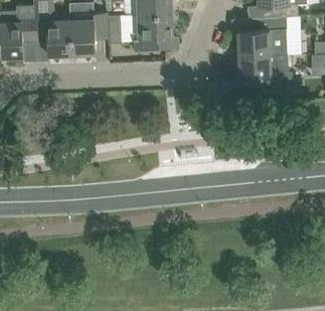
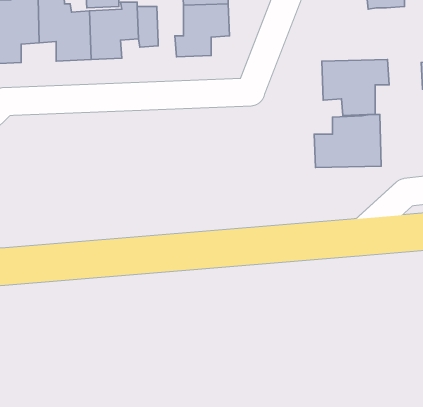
building: [238,16,287,54] -> [314,114,381,168]

